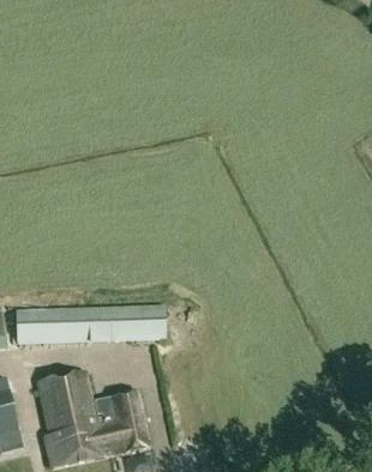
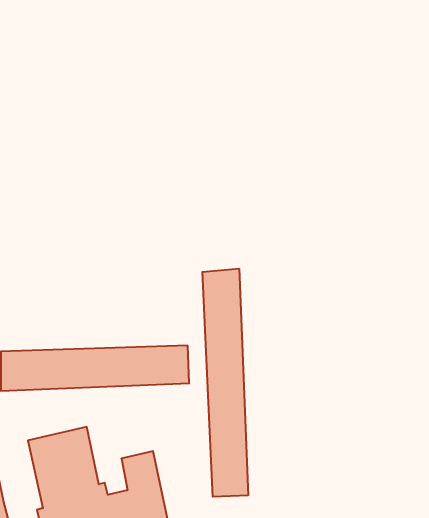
building: none -> [202,269,248,497]

